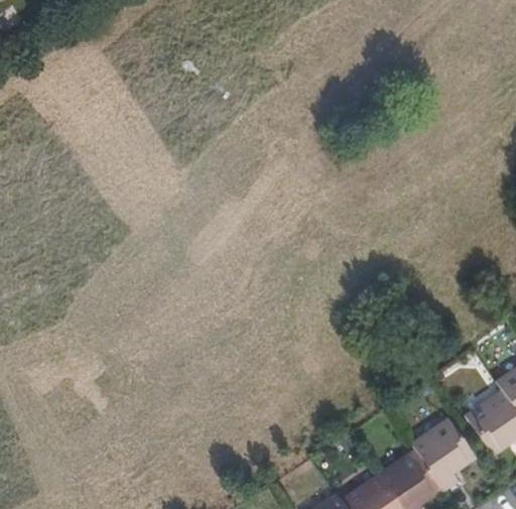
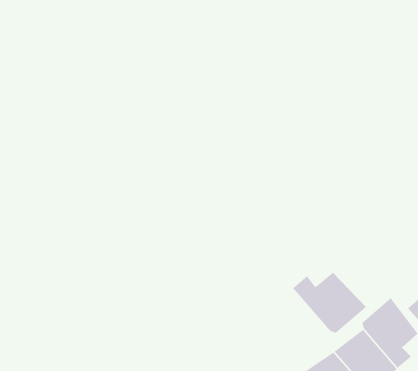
building: none -> [292,272,367,334]

